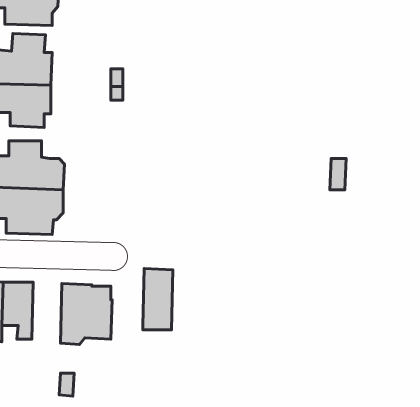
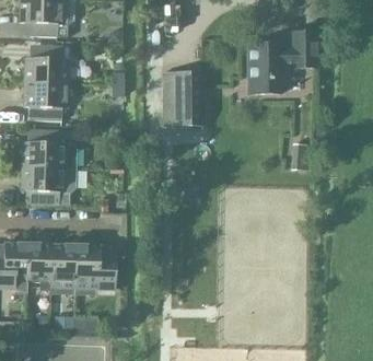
building: none -> [246,31,316,93]
building: none -> [163,71,202,126]
building: [143,269,173,330] -> [53,244,77,293]

